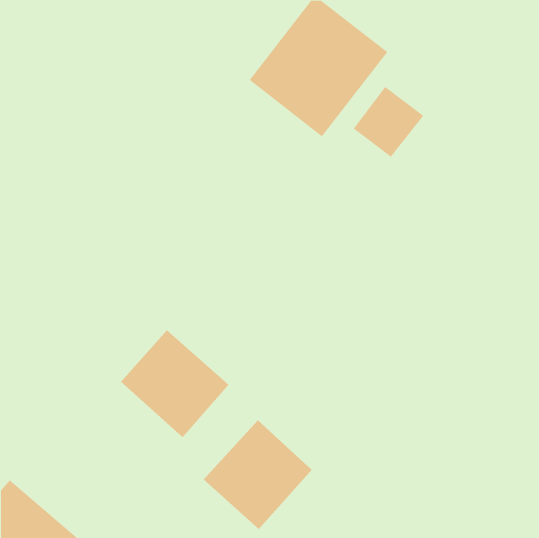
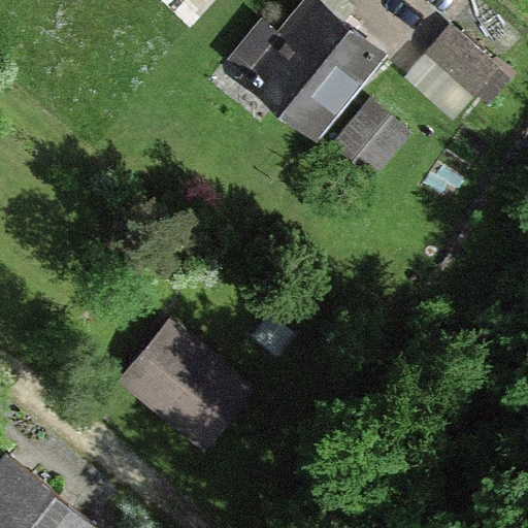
building: none -> [415,15,512,109]
building: [203,420,312,530] -> none

